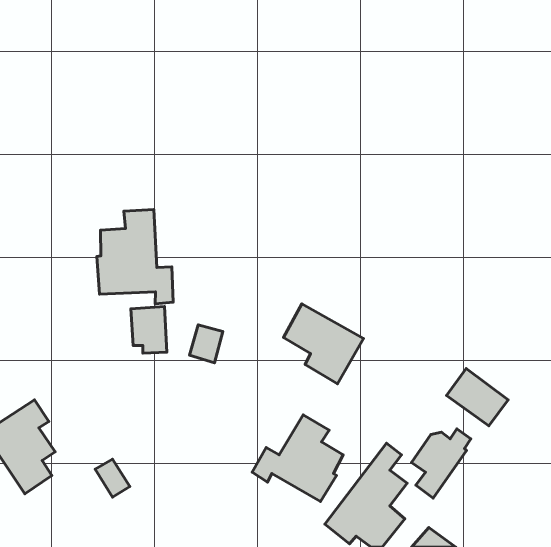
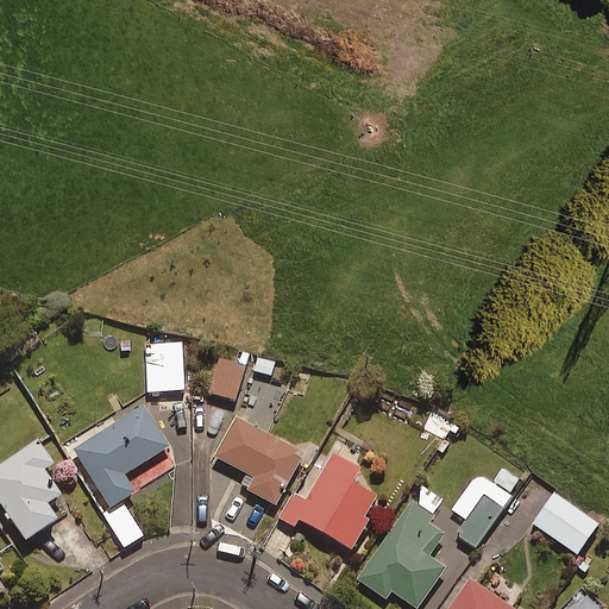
building: [97,210,173,304] -> none
building: [283,304,364,384] -> [215,417,303,506]
building: none -> [74,404,169,508]
building: [447,368,508,426] -> [532,491,599,554]

